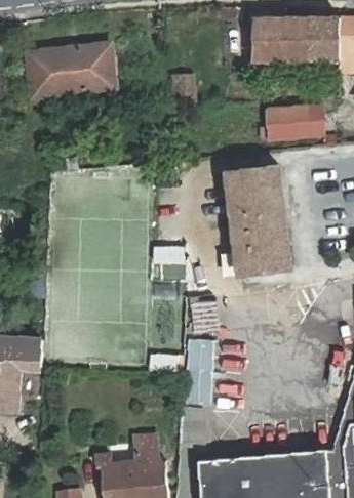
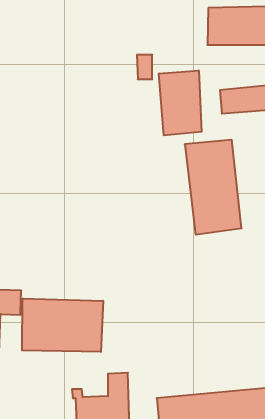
building: [27,51,113,100] -> none
building: none -> [159,70,202,135]
building: none -> [22,298,103,352]

